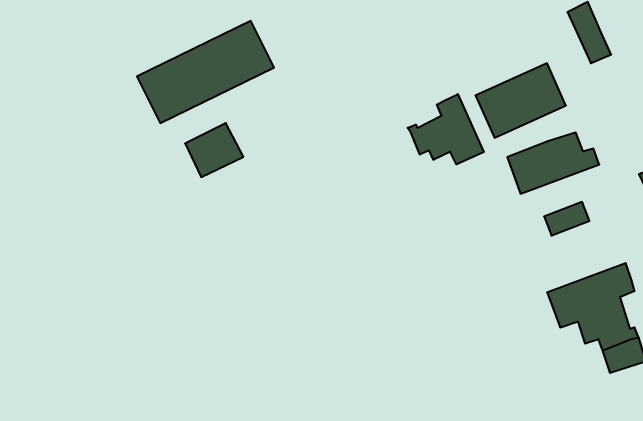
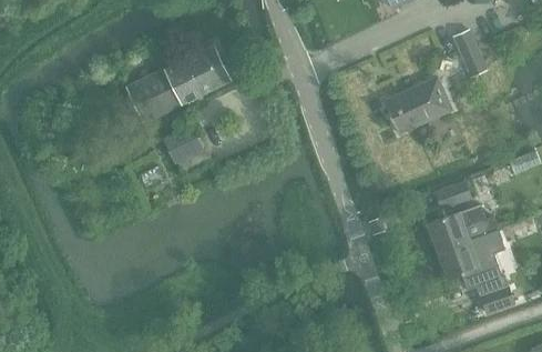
building: [408,94,484,164] -> none
building: [507,133,599,194] -> [428,204,498,251]

